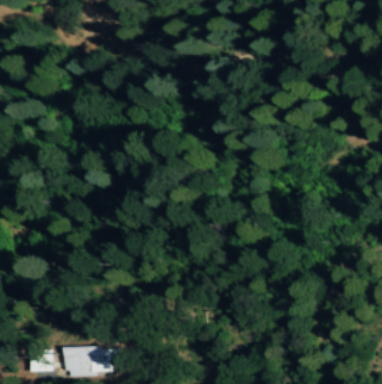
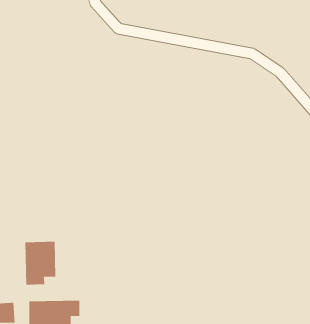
building: none -> [25,241,56,286]

